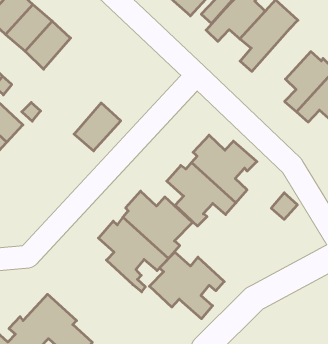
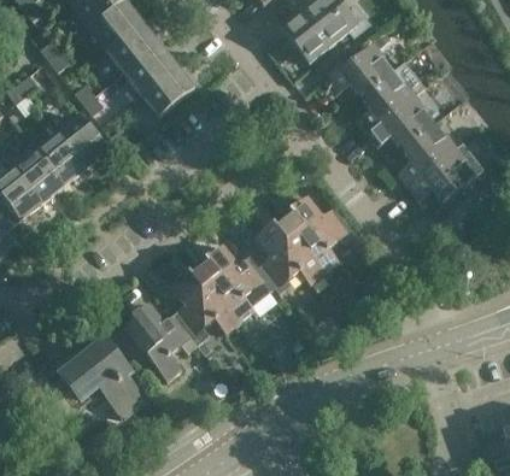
building: none -> [367,94,434,148]
building: [74,103,121,151] -> [141,65,194,116]
building: [149,252,224,319] -> [117,302,199,380]

